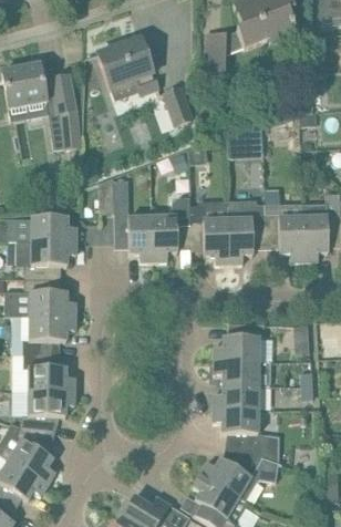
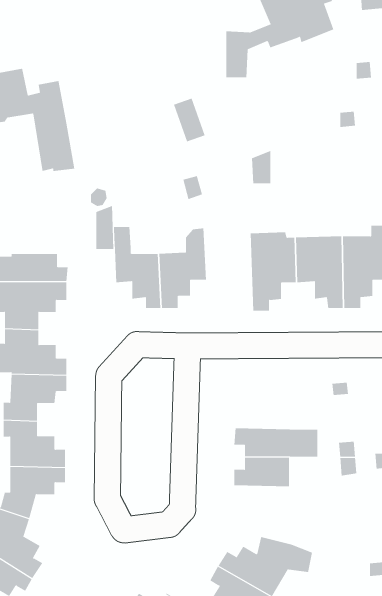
building: [97,39,157,94] -> none
building: [188,196,228,265] -> none
building: [214,323,265,362] -> none
building: [213,409,266,457] -> none

